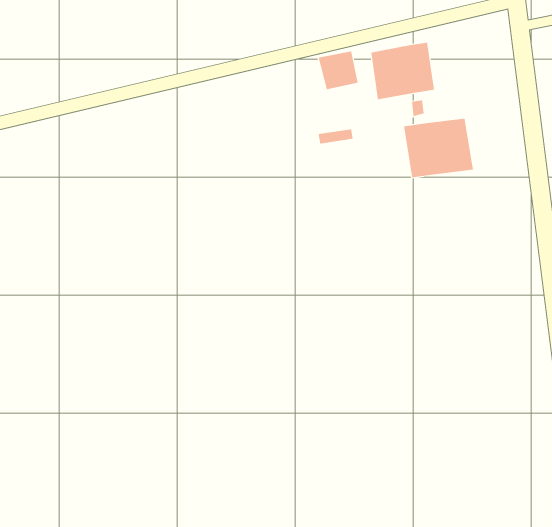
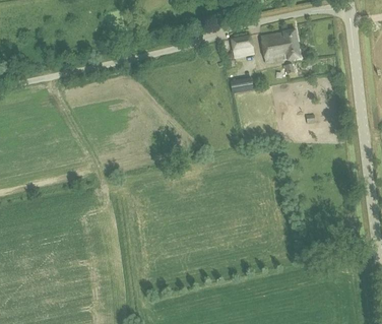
building: [403,118,474,178] -> none

